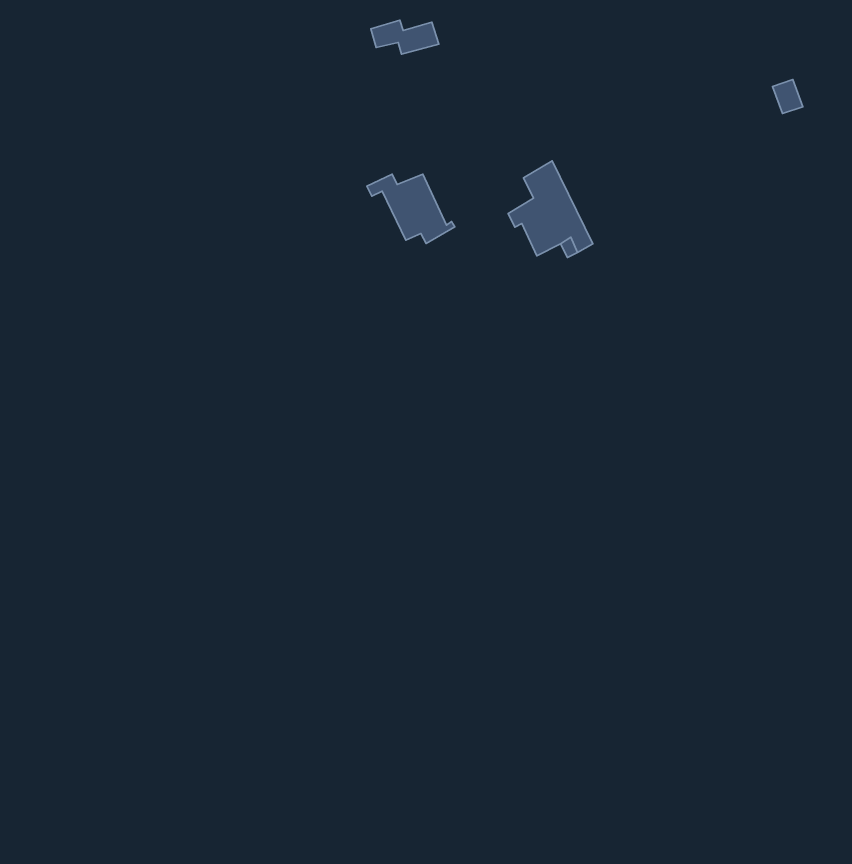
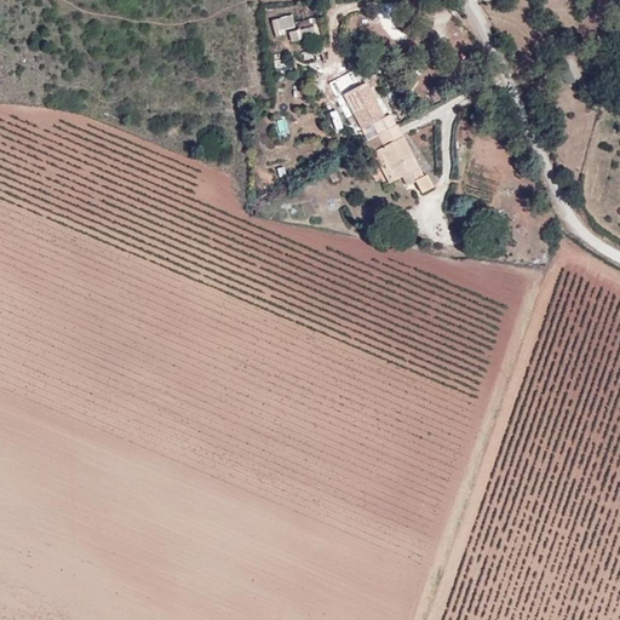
building: [367,174,455,244] -> [332,79,395,128]

